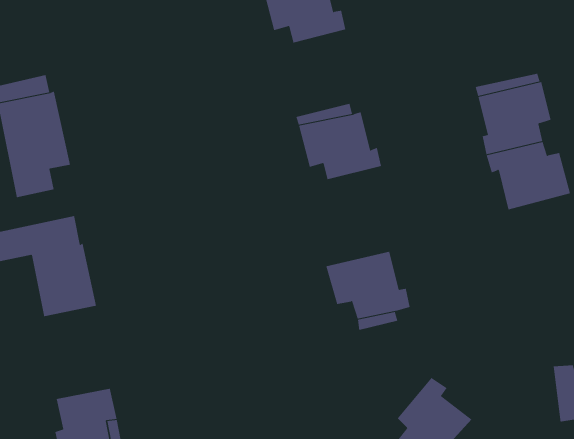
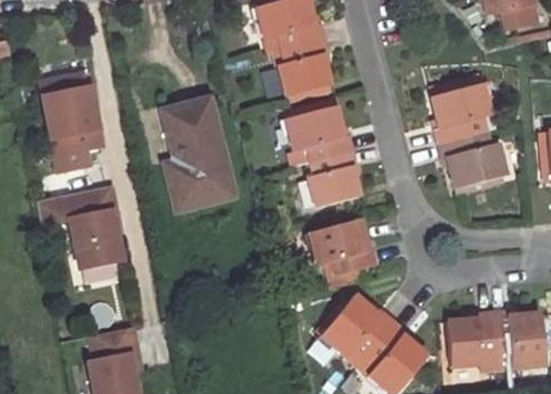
building: none -> [280,39,332,94]
building: none -> [160,96,235,209]
building: none -> [308,149,361,207]
building: none -> [320,294,394,354]
building: none -> [447,311,498,365]

